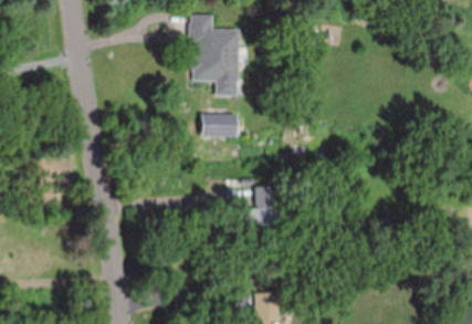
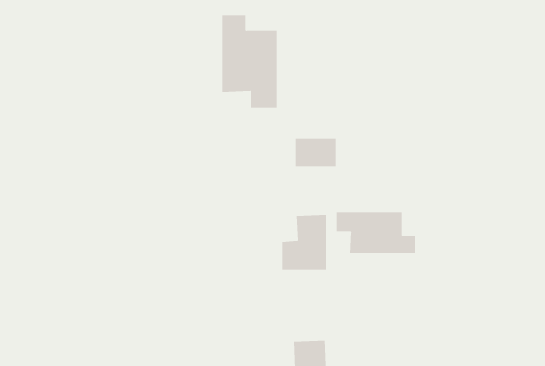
building: [203,113,239,137] -> [295,138,337,167]
building: none -> [336,212,416,254]

